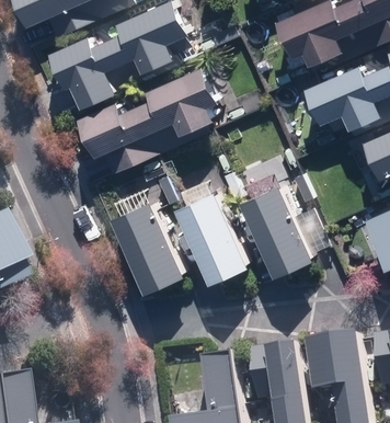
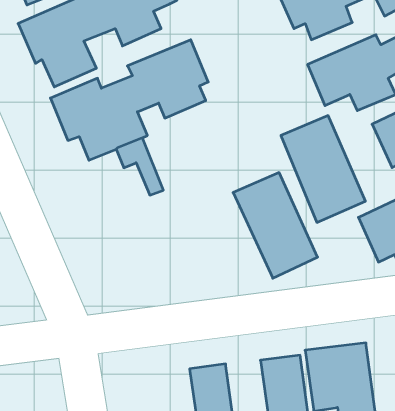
building: [177,191,252,285] -> [281,116,365,222]
building: [112,201,186,291] -> none

